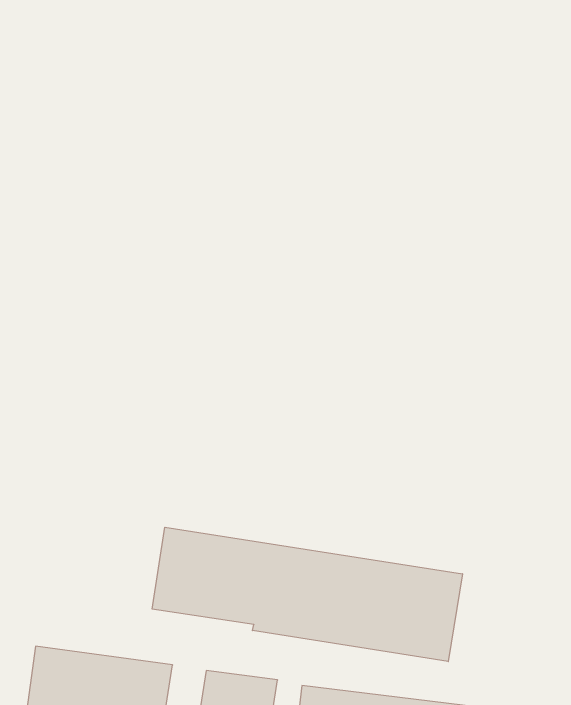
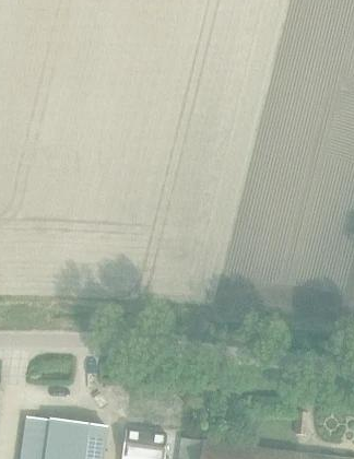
building: [152,527,462,662] -> none

